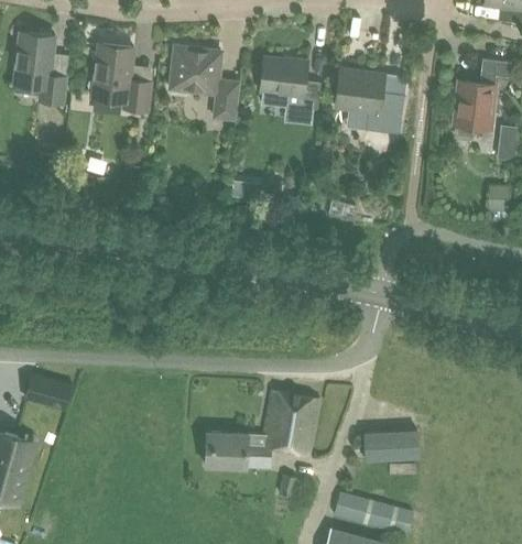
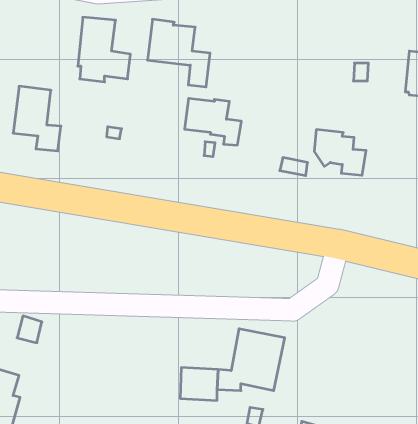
building: [13,31,66,102] -> [13,86,61,151]
building: [259,58,322,110] -> [185,98,241,145]
building: [338,70,395,121] -> [314,130,366,175]
building: [363,428,420,459] -> none

